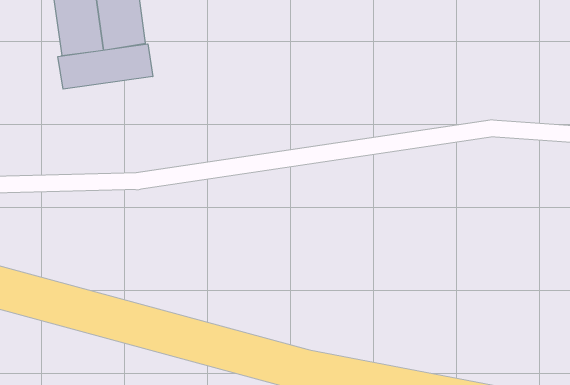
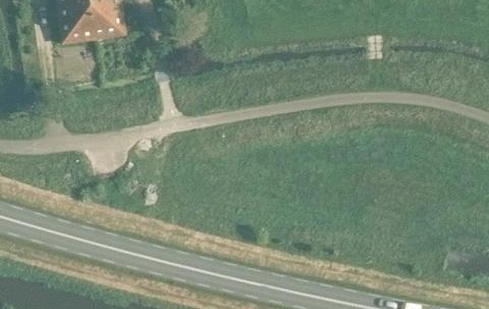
building: [58,44,153,89] -> none

